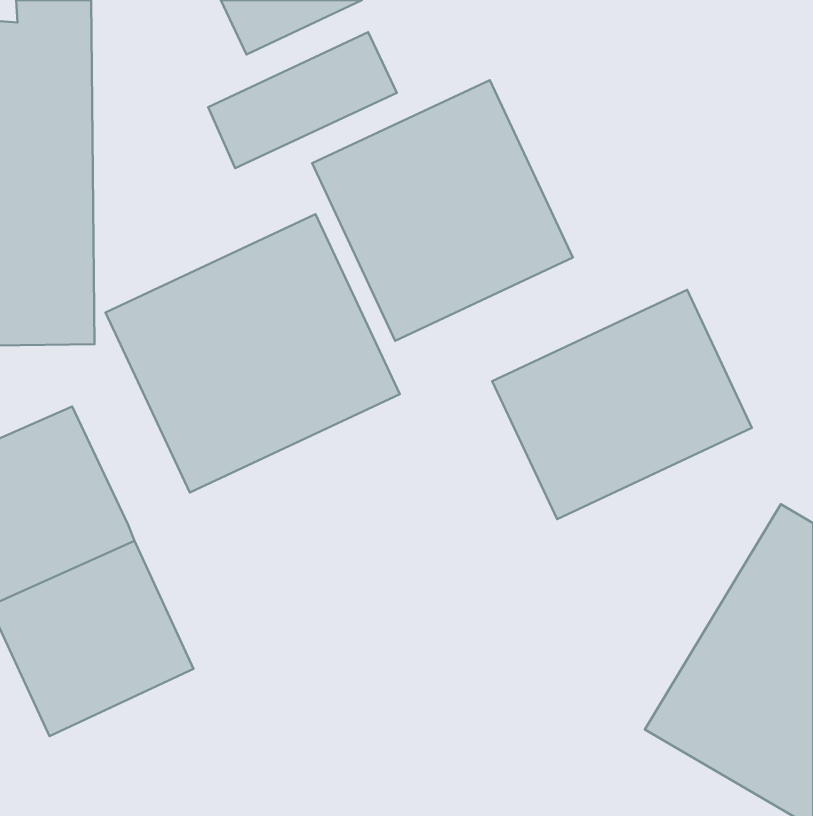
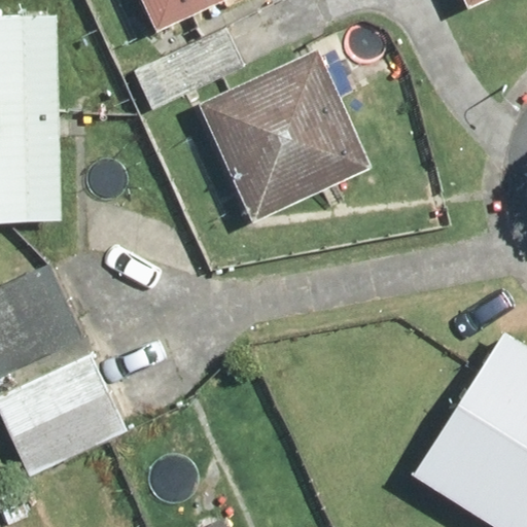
building: [105,214,400,493] -> none
building: [492,290,752,519] -> none

